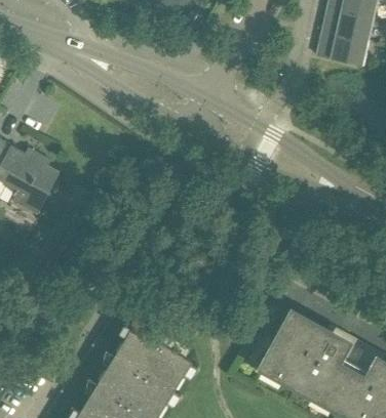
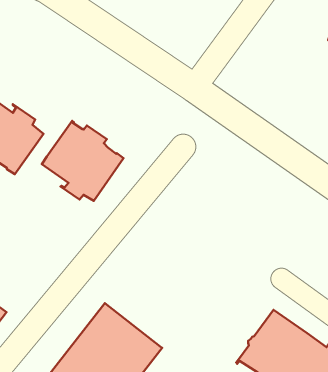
building: none -> [42,121,124,201]

